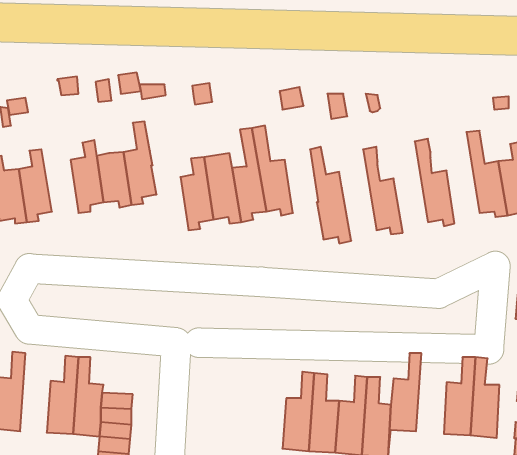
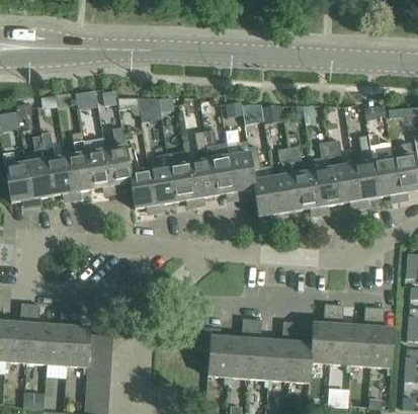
building: none -> [41,133,72,198]
building: none -> [353,135,379,204]
building: none -> [230,141,255,196]
building: none -> [312,142,339,212]
building: none -> [127,148,156,212]
building: none -> [273,148,300,218]
building: none -> [27,304,51,364]
building: none -> [330,304,353,365]
building: none -> [200,327,231,377]

